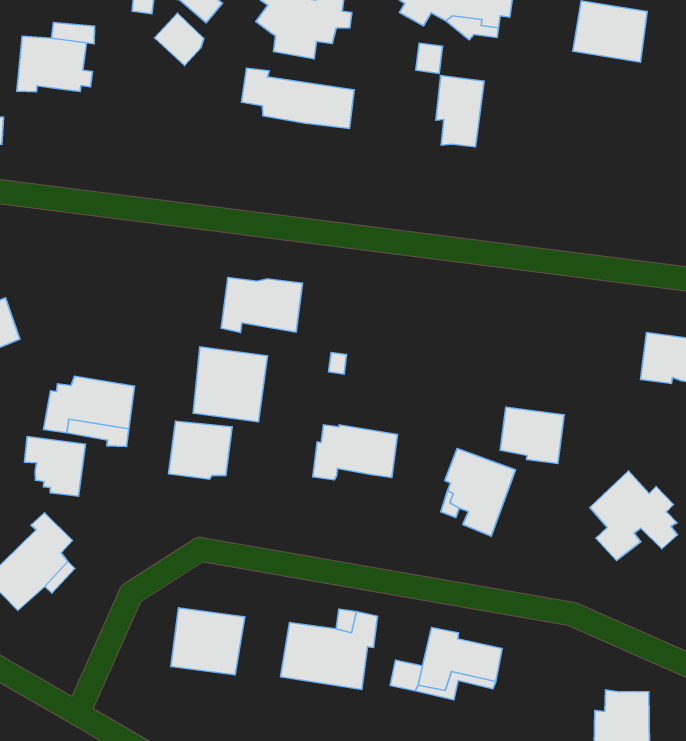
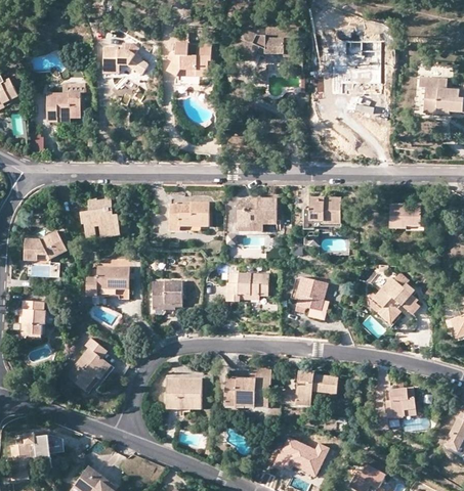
building: [242,68,354,129] -> none
building: [436,76,484,147] -> none
building: none -> [80,197,119,237]
building: none -> [238,197,276,231]
building: [193,347,267,422] -> none
building: [500,407,564,464] -> [311,199,342,225]
building: [25,436,85,496] -> none

